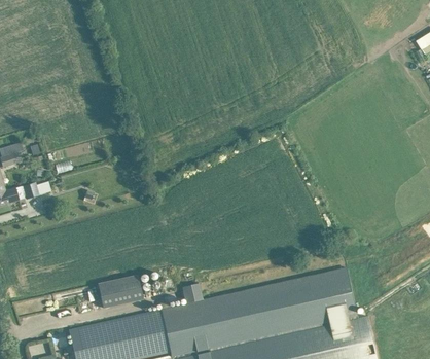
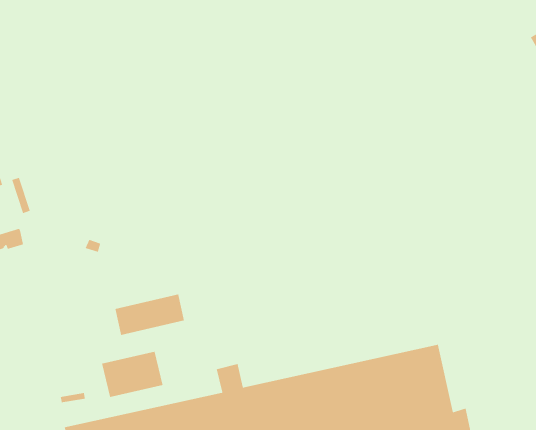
building: none -> [114,294,185,336]

